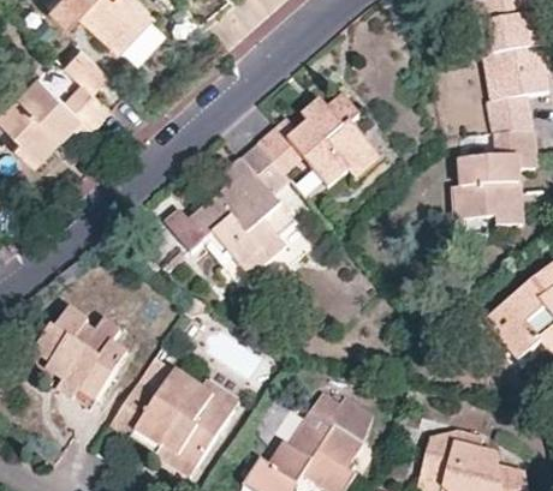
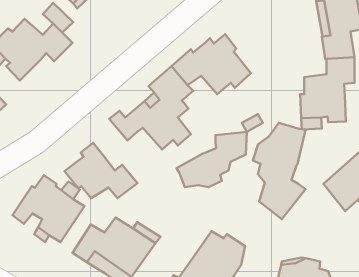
building: none -> [253,123,305,219]
building: none -> [177,132,247,187]
building: none -> [65,143,138,198]

